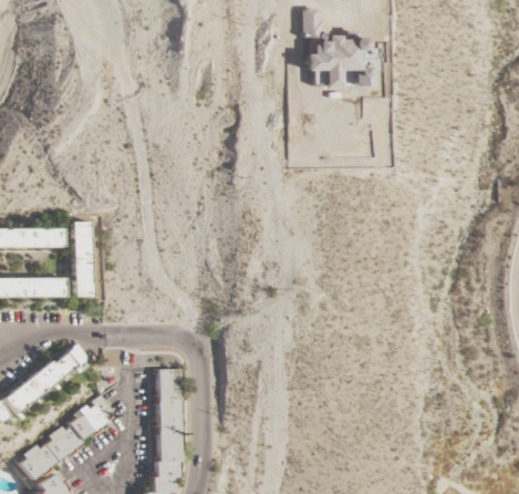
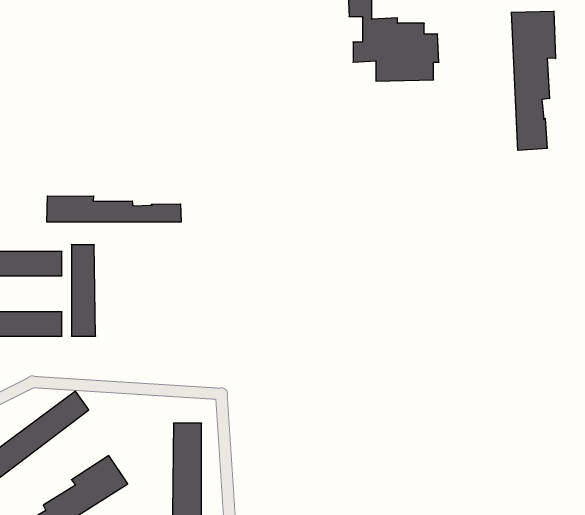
building: none -> [511,11,556,150]
building: none -> [47,196,181,222]

